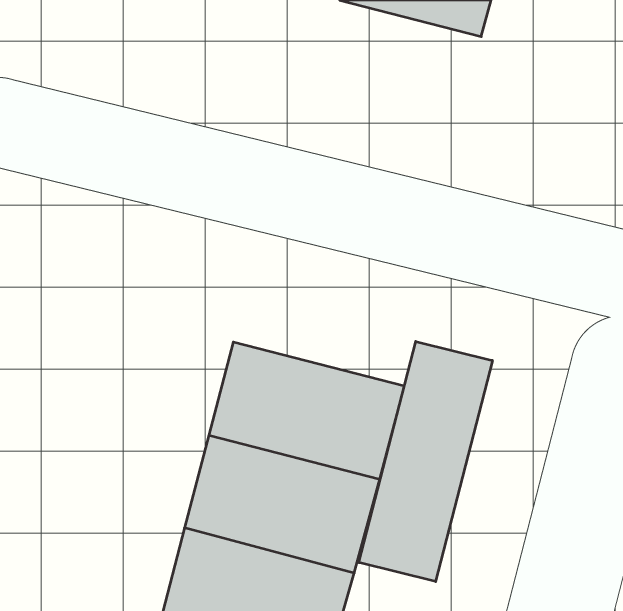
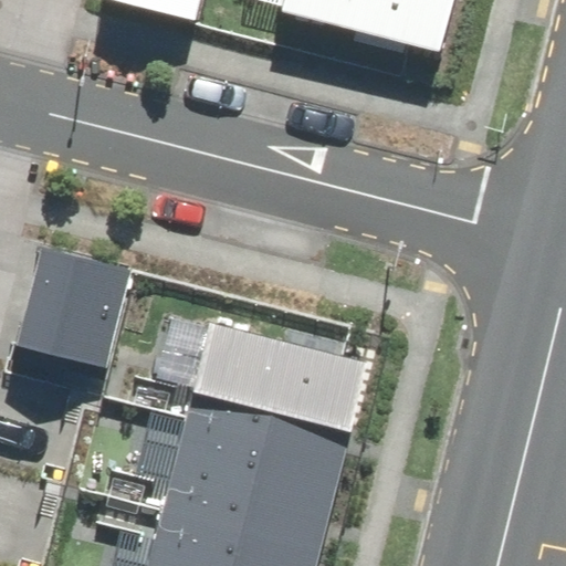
building: none -> [20,259,122,361]
building: [359,341,492,582] -> none

